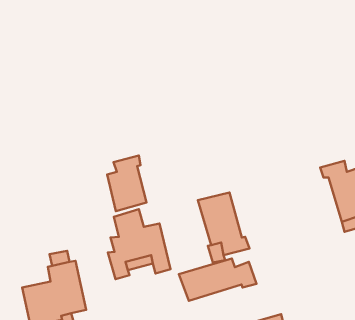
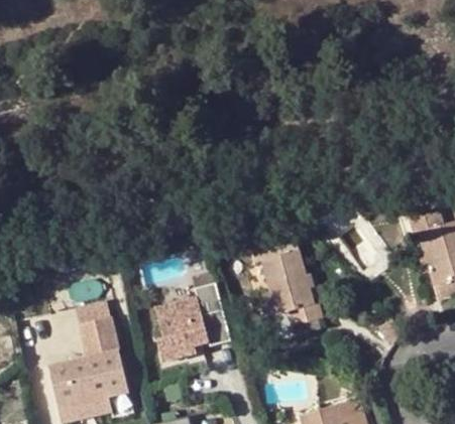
building: [107,155,147,211] -> none
building: [179,258,257,301] -> none

